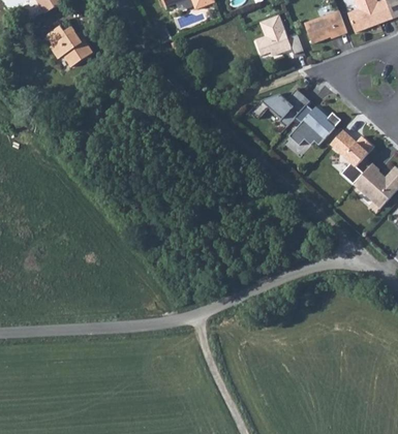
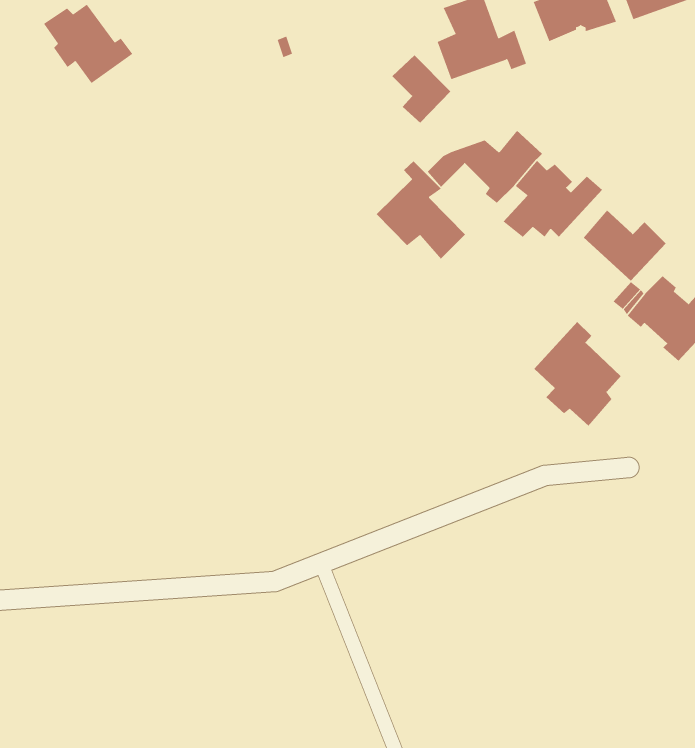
building: none -> [392,55,451,124]
building: none -> [376,160,466,260]
building: none -> [534,321,622,426]

